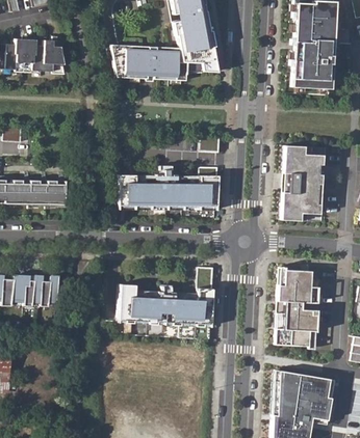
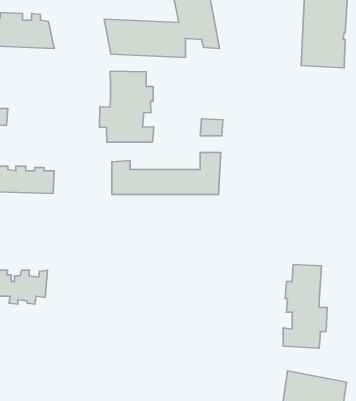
building: none -> [99,71,154,142]
building: [282,145,323,221] -> none
building: [119,267,213,338] -> none

